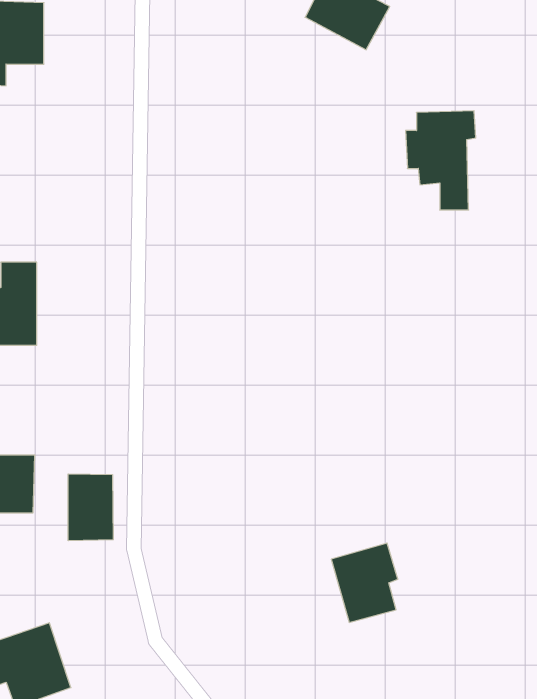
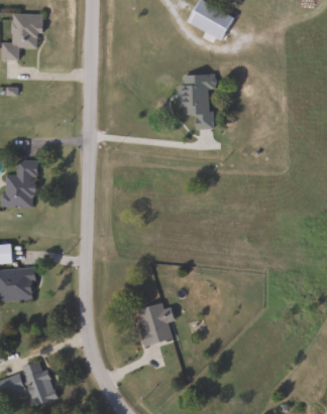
building: [406,111,476,210] -> [178,73,217,128]
building: [68,474,113,541] -> none
building: [331,543,398,622] -> [137,299,175,343]

